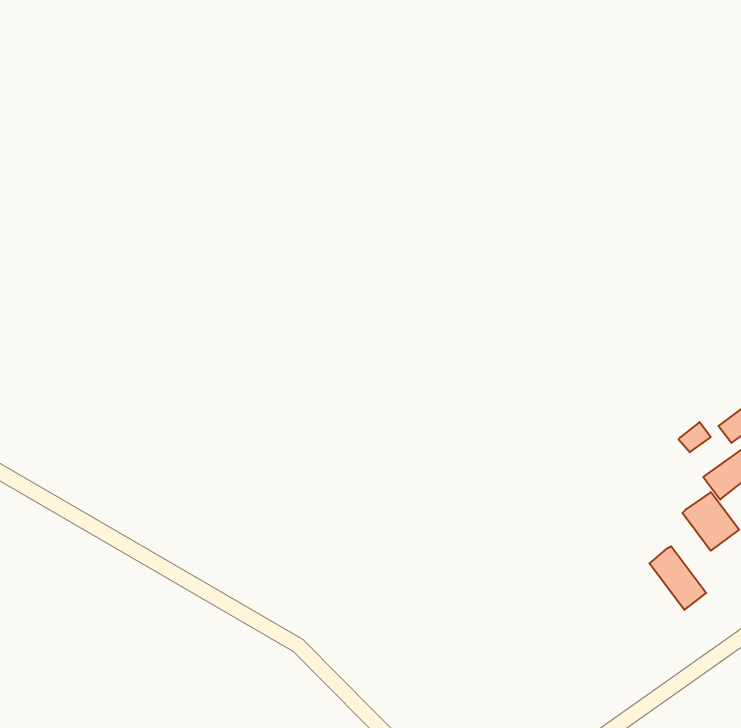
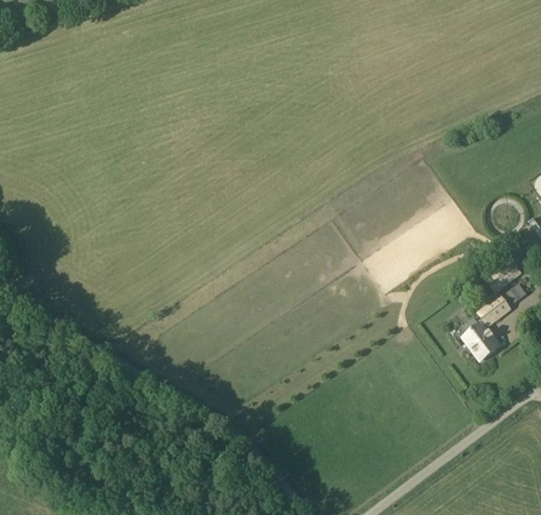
building: [649,546,706,610] -> none

